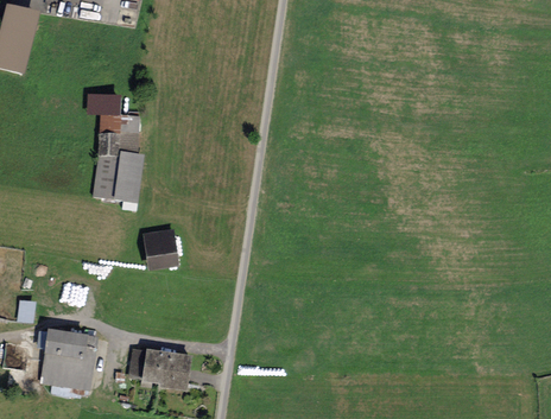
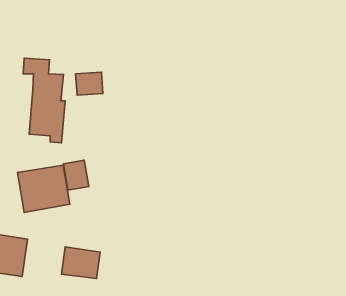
building: none -> [76,72,103,95]
building: none -> [18,165,70,212]

